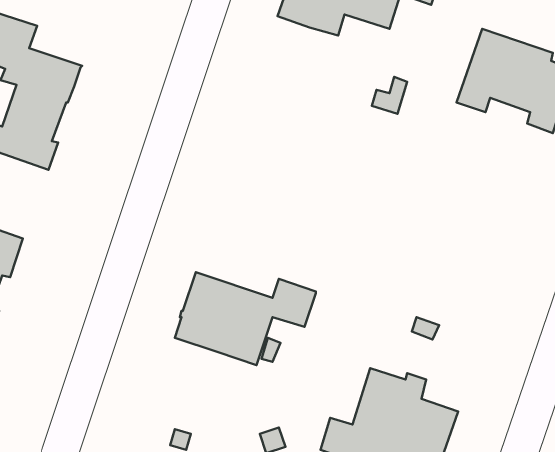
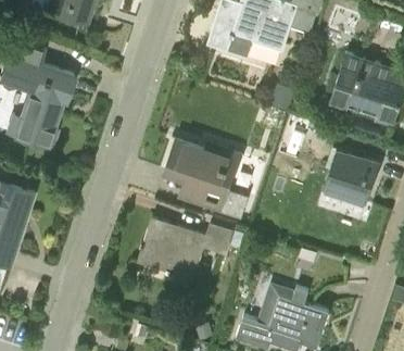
building: none -> [164,139,255,221]
building: none -> [323,149,379,204]

